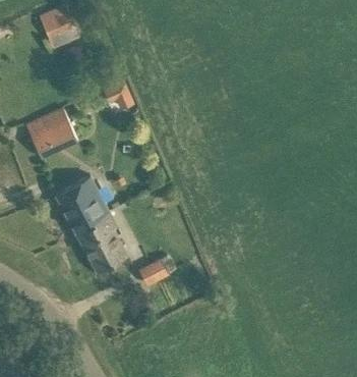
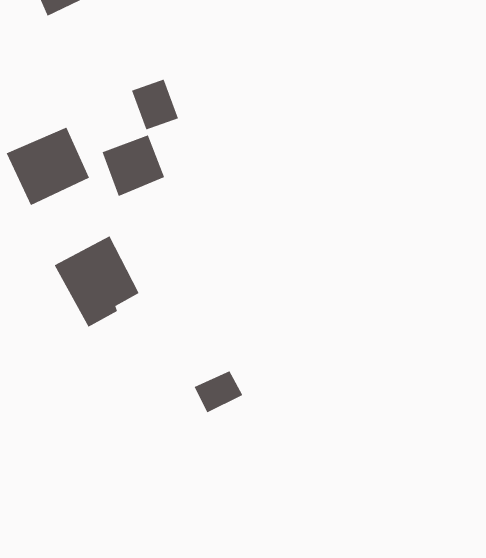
building: none -> [102,135,165,197]
building: [75,211,126,271] -> none

